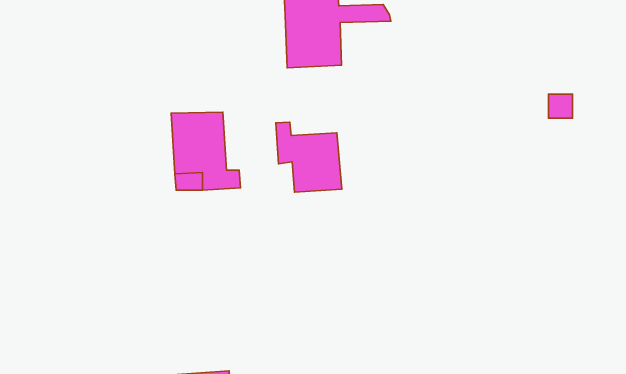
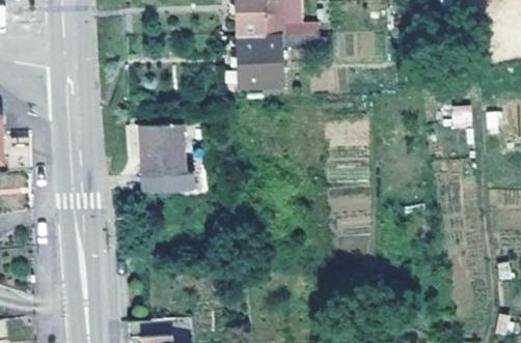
building: [276,122,342,192] -> none

